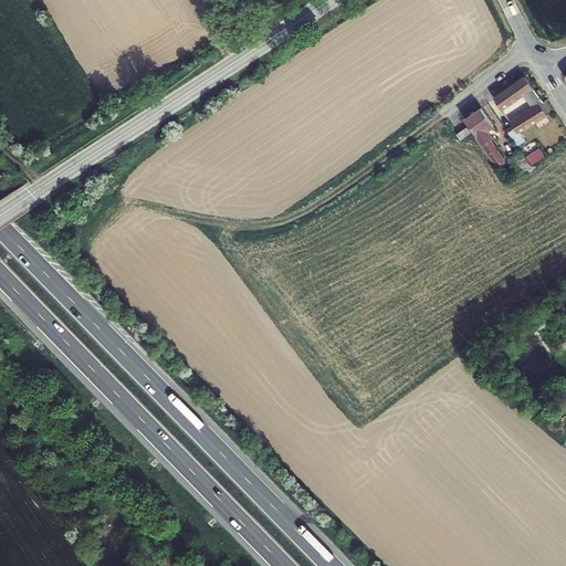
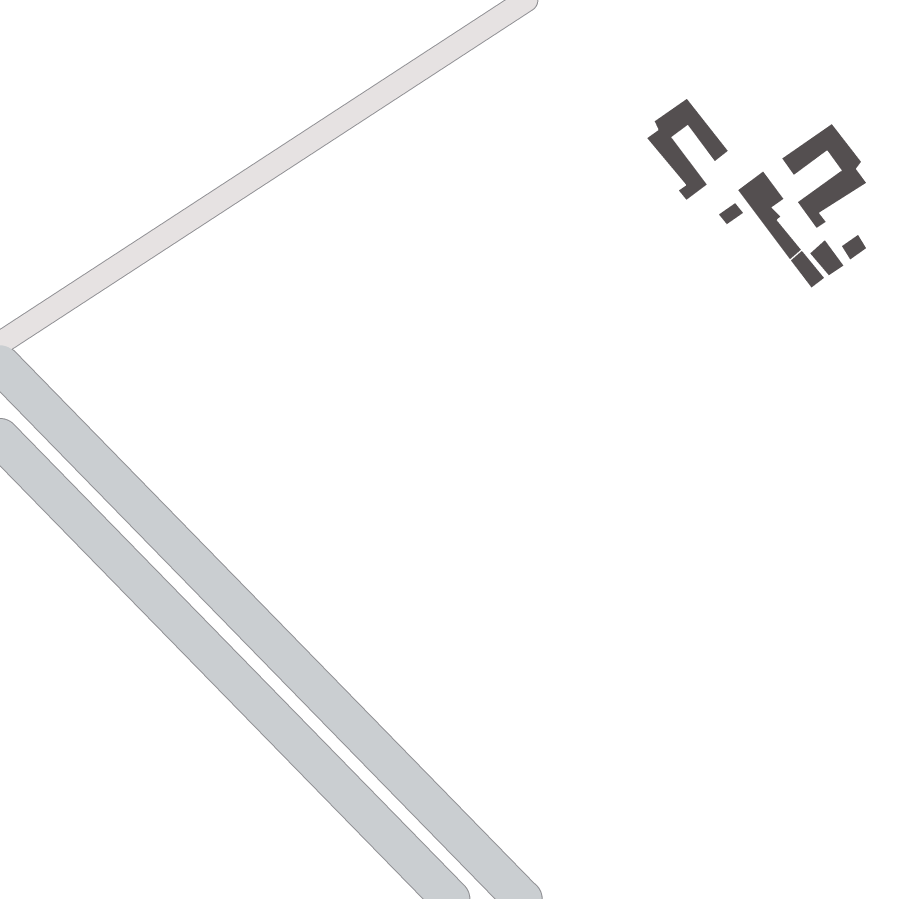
building: none -> [646,98,729,201]

